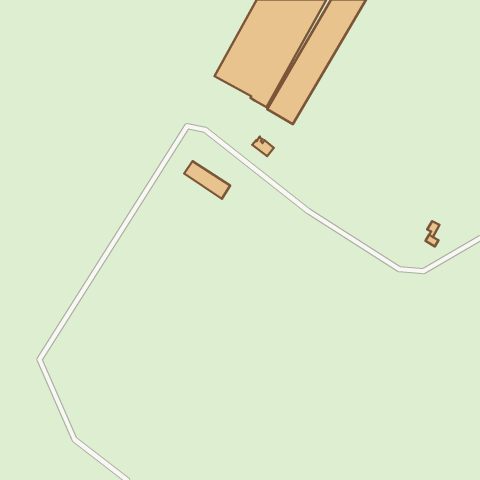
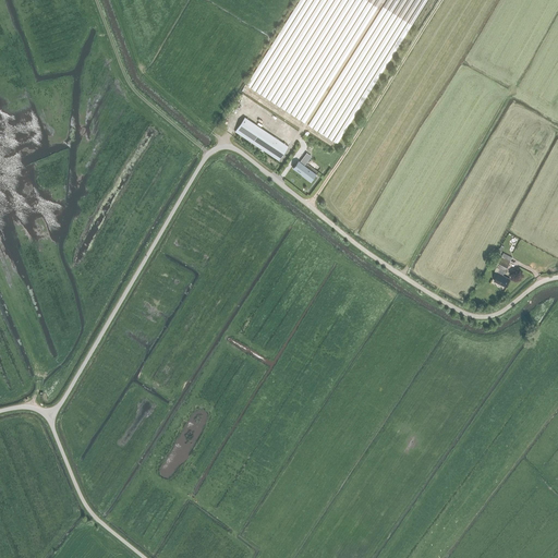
building: [184,161,230,199] -> [233,117,287,160]

